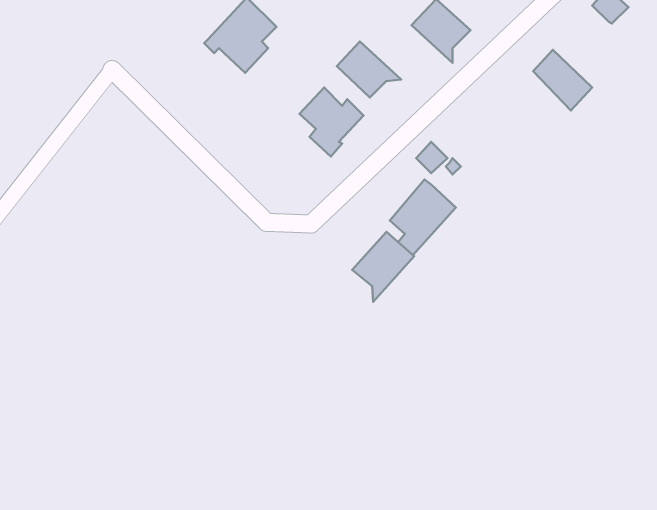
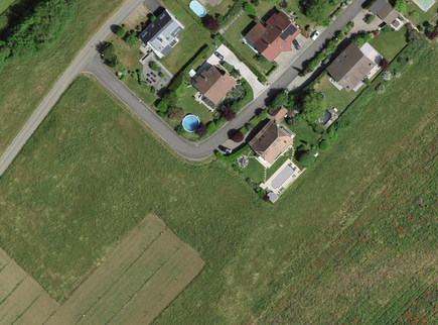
building: [337,42,401,97] -> [250,26,289,61]
building: none -> [324,55,361,93]
building: [352,232,414,302] -> none

